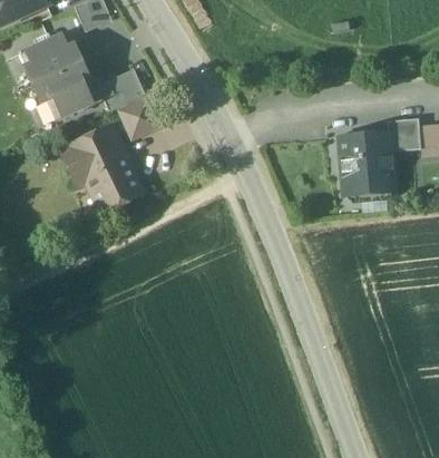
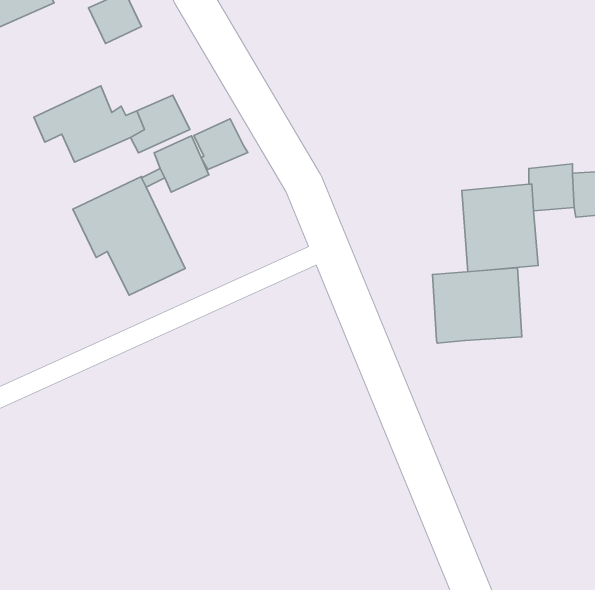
building: [25,32,81,85] -> none
building: none -> [194,119,248,170]
building: none -> [433,268,522,343]

